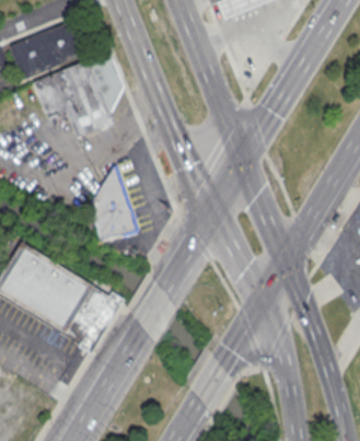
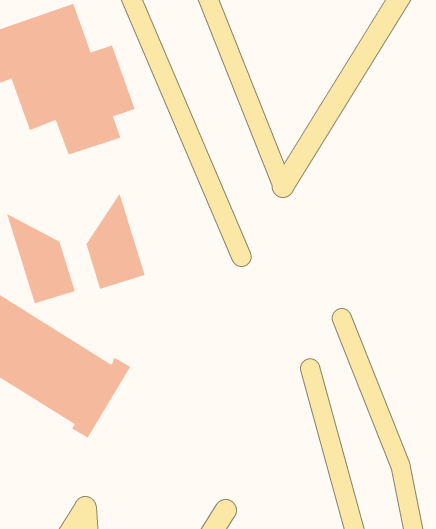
building: none -> [6,213,75,304]

